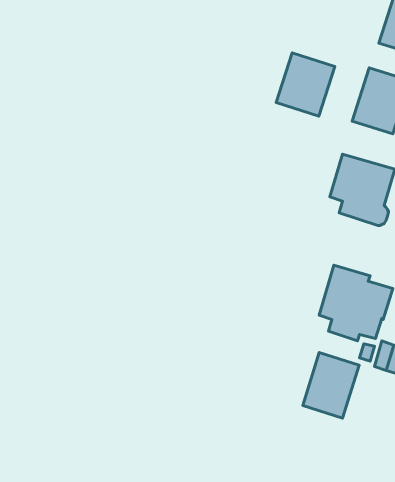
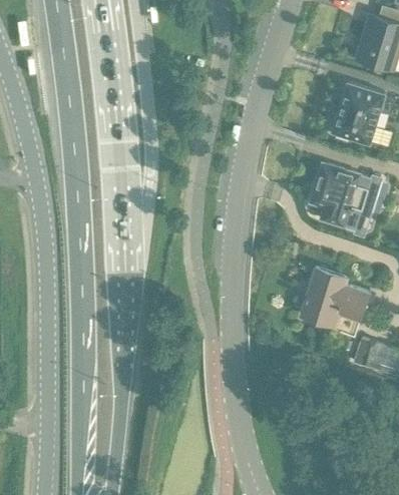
building: [276,53,335,116] -> none
building: [303,353,359,418] -> none

